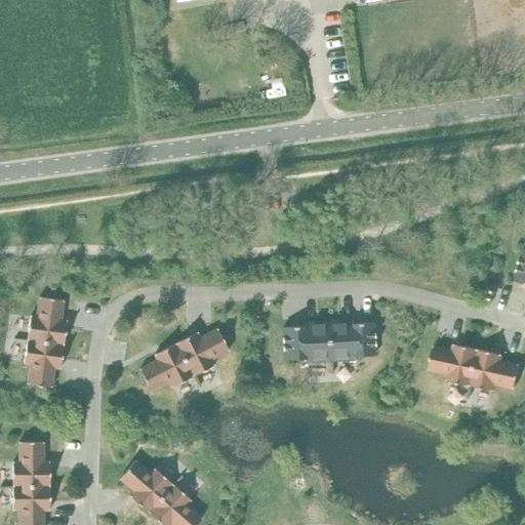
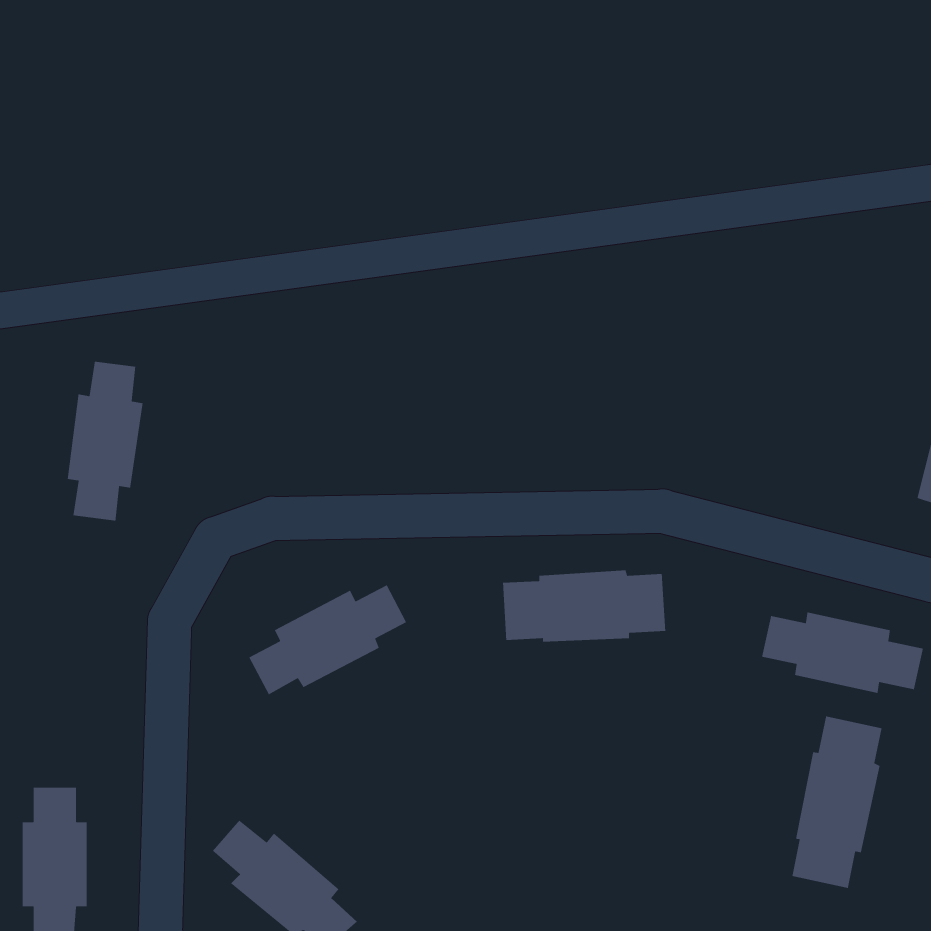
building: [25,297,68,388] -> [67,361,144,521]
building: none -> [791,716,883,889]

